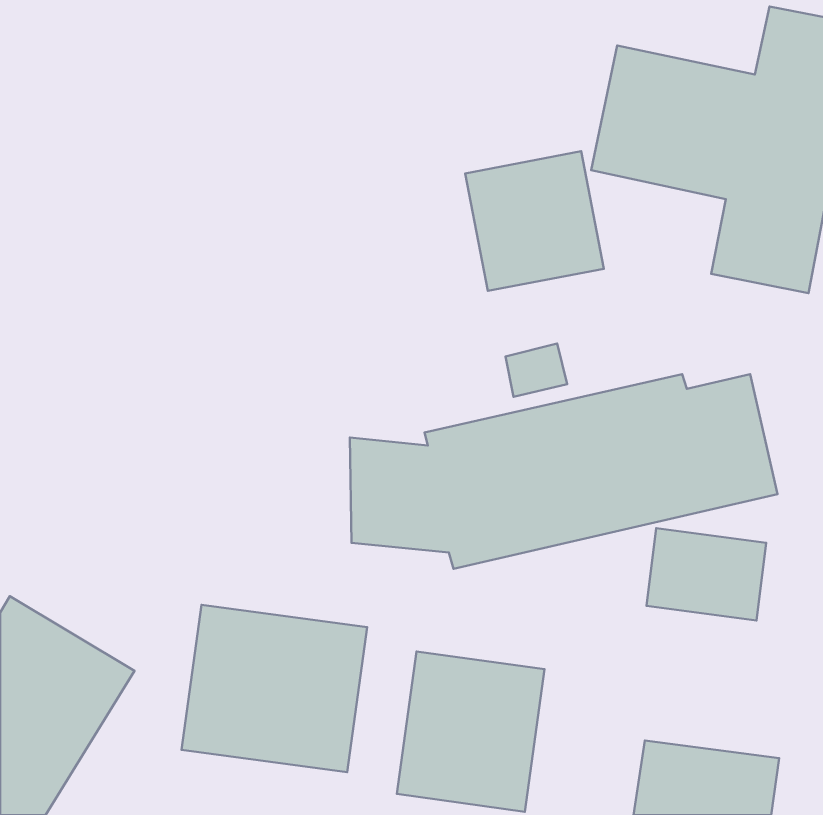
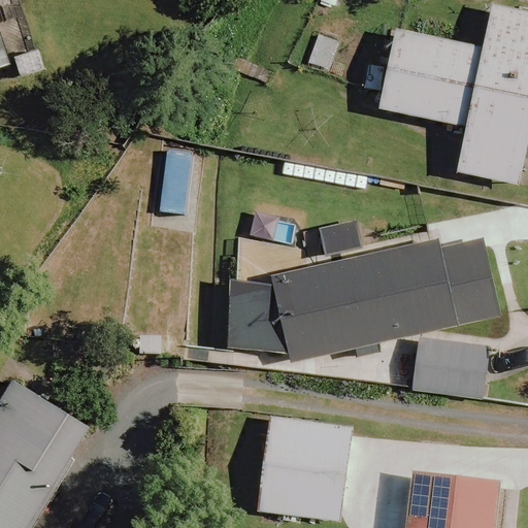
building: [465,151,604,291] -> none
building: [182,605,367,772] -> none

